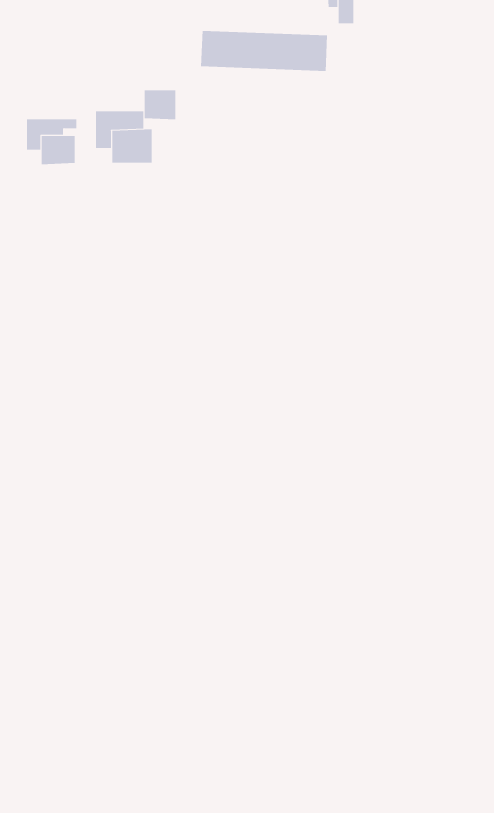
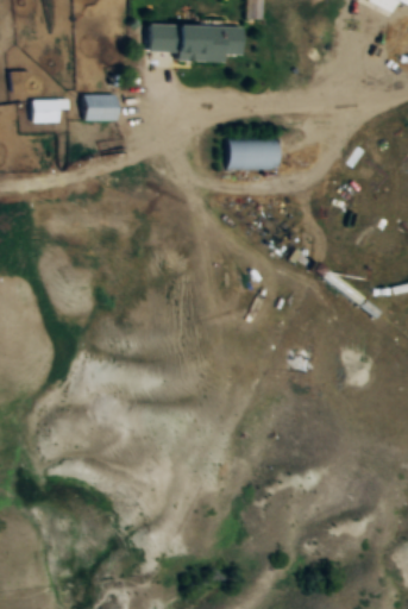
building: [144,89,176,120] -> none
building: none -> [228,142,277,167]

